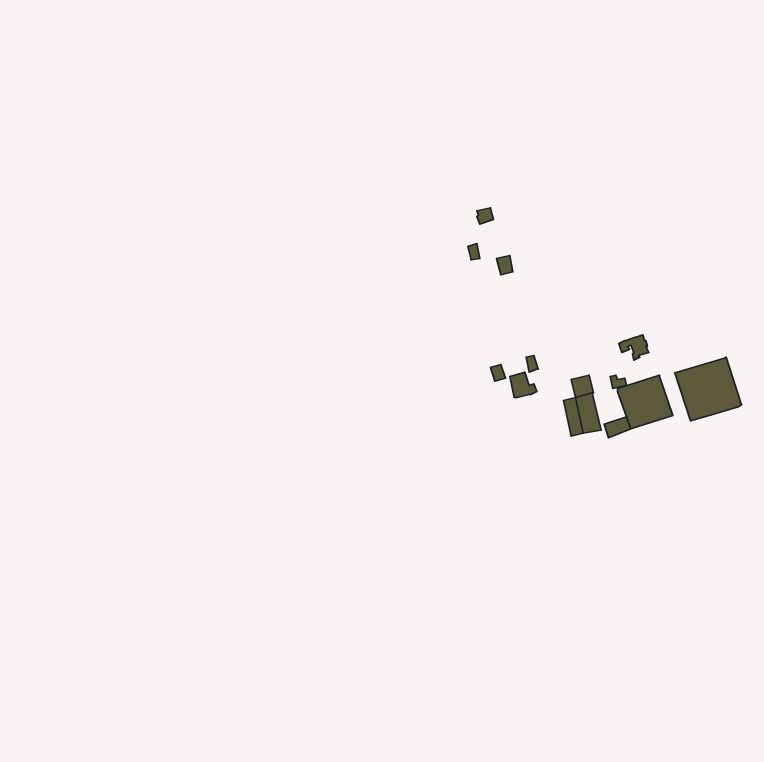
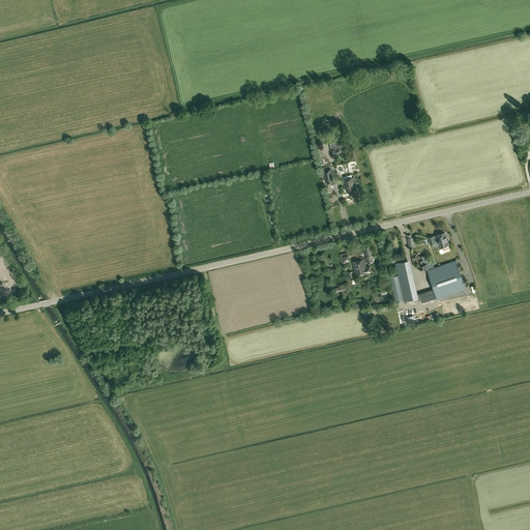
building: [675,357,742,421] -> none

